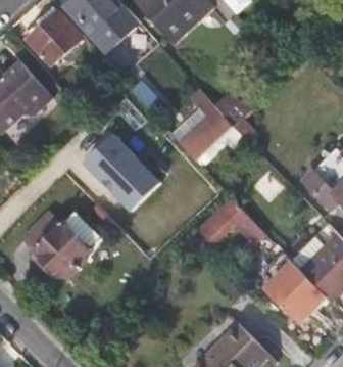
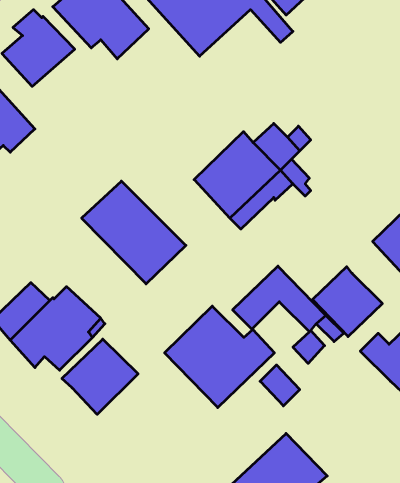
building: none -> [165,306,274,408]
building: none -> [62,339,138,414]
building: [263,258,315,310] -> [312,267,382,337]

